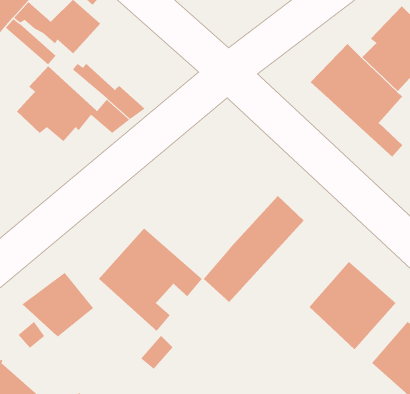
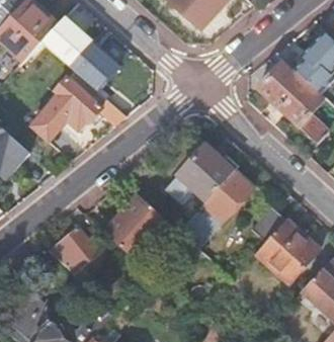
building: none -> [171,146,234,209]

